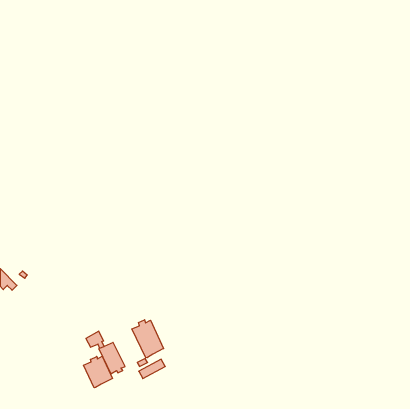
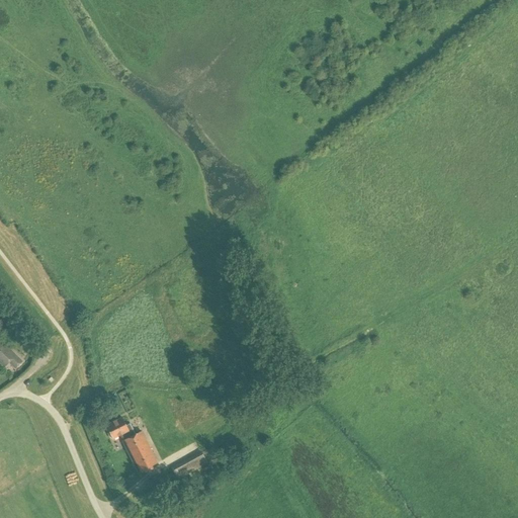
building: [132,320,164,358] -> none
building: [83,356,112,388] -> none

